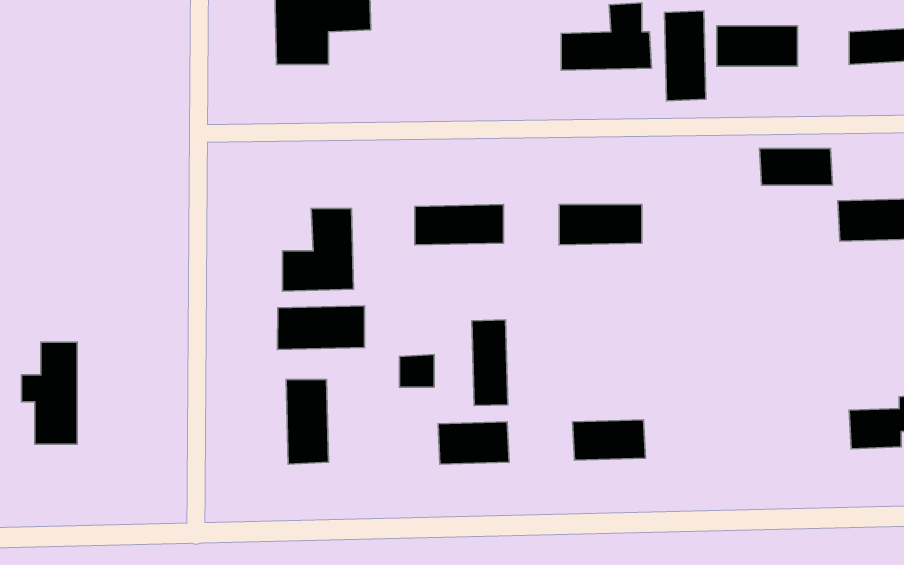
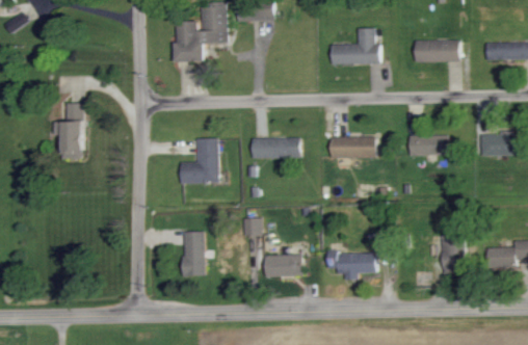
building: [665,11,706,101] -> none
building: [759,149,832,185] -> [408,135,448,155]
building: [278,306,364,350] -> none
building: [472,320,508,406] -> none
building: [21,342,77,444] -> [53,103,83,158]
building: none -> [441,235,464,274]

